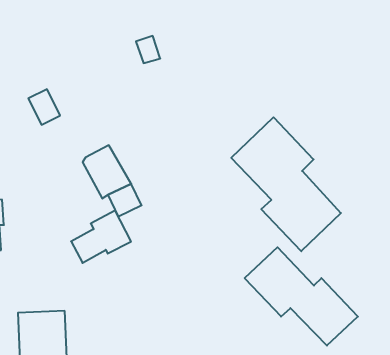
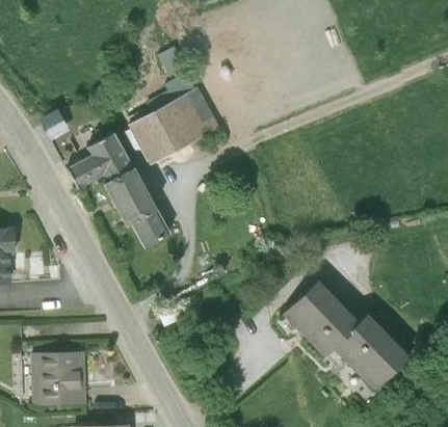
building: none -> [129,89,218,164]
building: [231,117,341,251] -> none
building: [71,210,131,263] -> [65,132,132,190]

